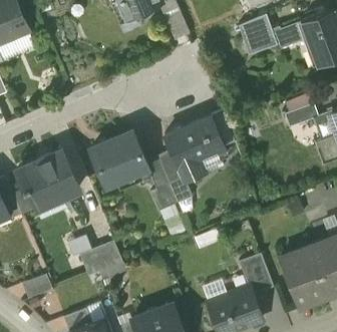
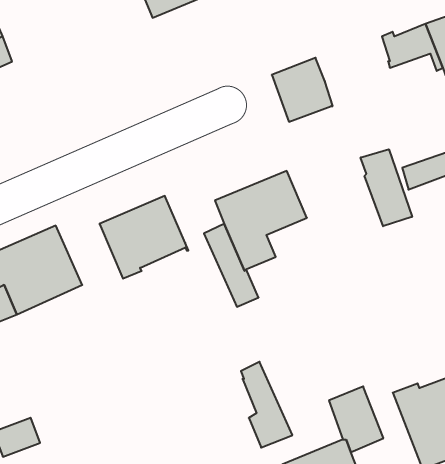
building: [238,14,277,55] -> [272,58,333,122]
building: none -> [361,149,412,226]
building: [145,155,179,211] -> [241,362,292,448]
building: [79,241,122,276] -> none

